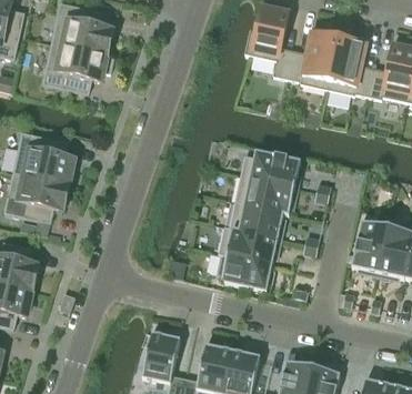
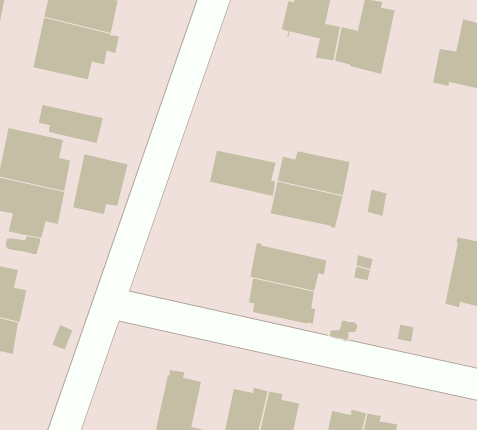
building: [325,37,372,97] -> none
building: none -> [38,104,103,144]
building: none -> [72,154,128,215]
building: [228,203,283,241] -> [208,150,276,197]
building: [350,221,386,276] -> none

